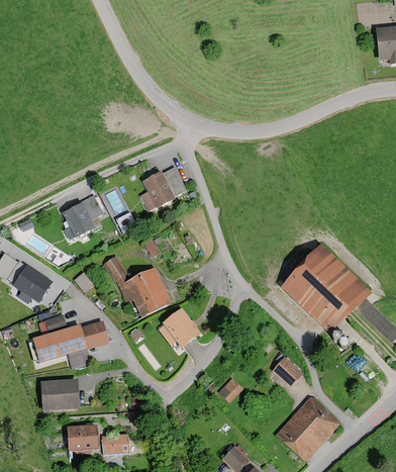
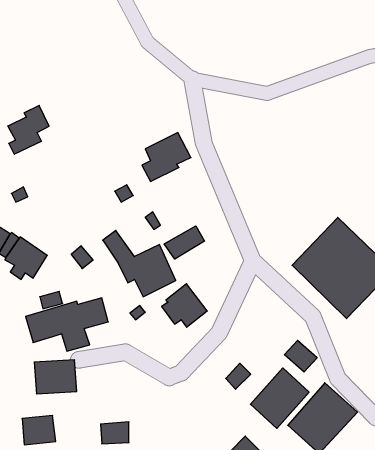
building: [64,195,102,241] -> [8,105,49,154]
building: none -> [164,226,205,259]
building: none -> [250,368,309,428]
building: [68,426,99,453] -> [22,415,56,445]

